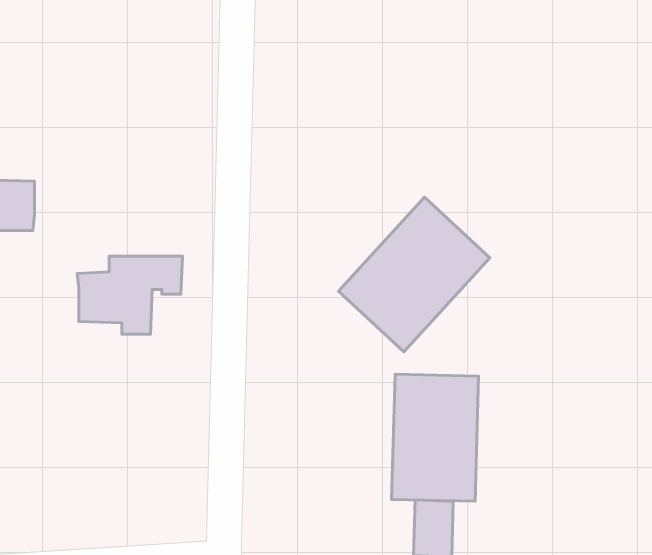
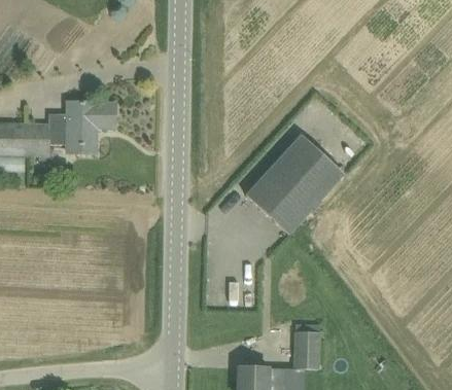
building: [77,256,182,334] -> [48,103,116,153]
building: [391,374,479,501] -> none

